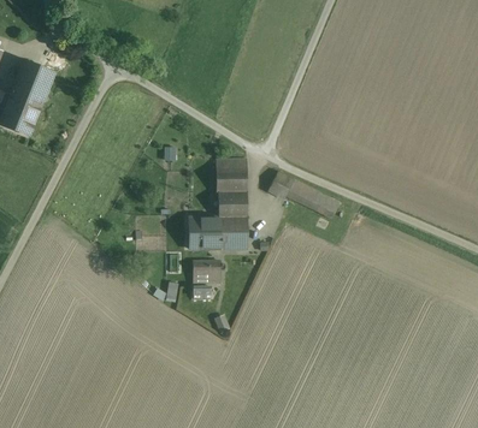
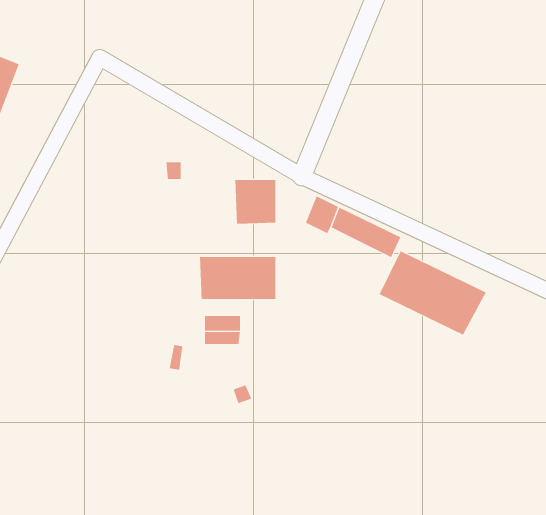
building: [218,191,247,216] -> none
building: none -> [379,250,487,336]

